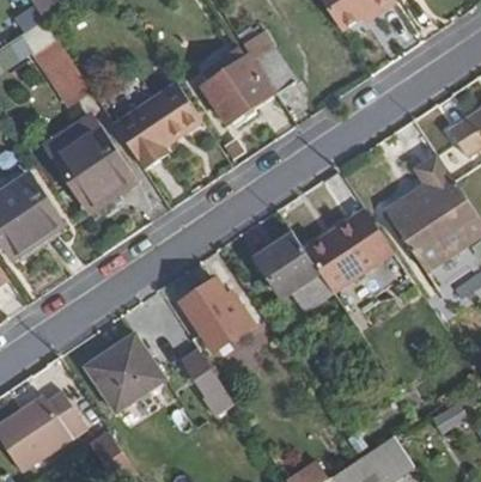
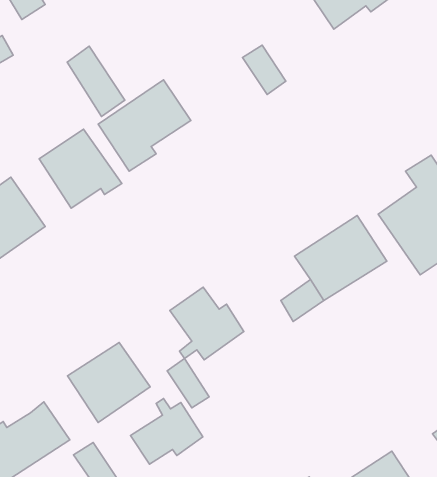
building: [32,33,89,102] -> [67,46,125,116]
building: [205,57,274,124] -> none
building: [256,234,318,297] -> none
building: none -> [131,398,203,464]

